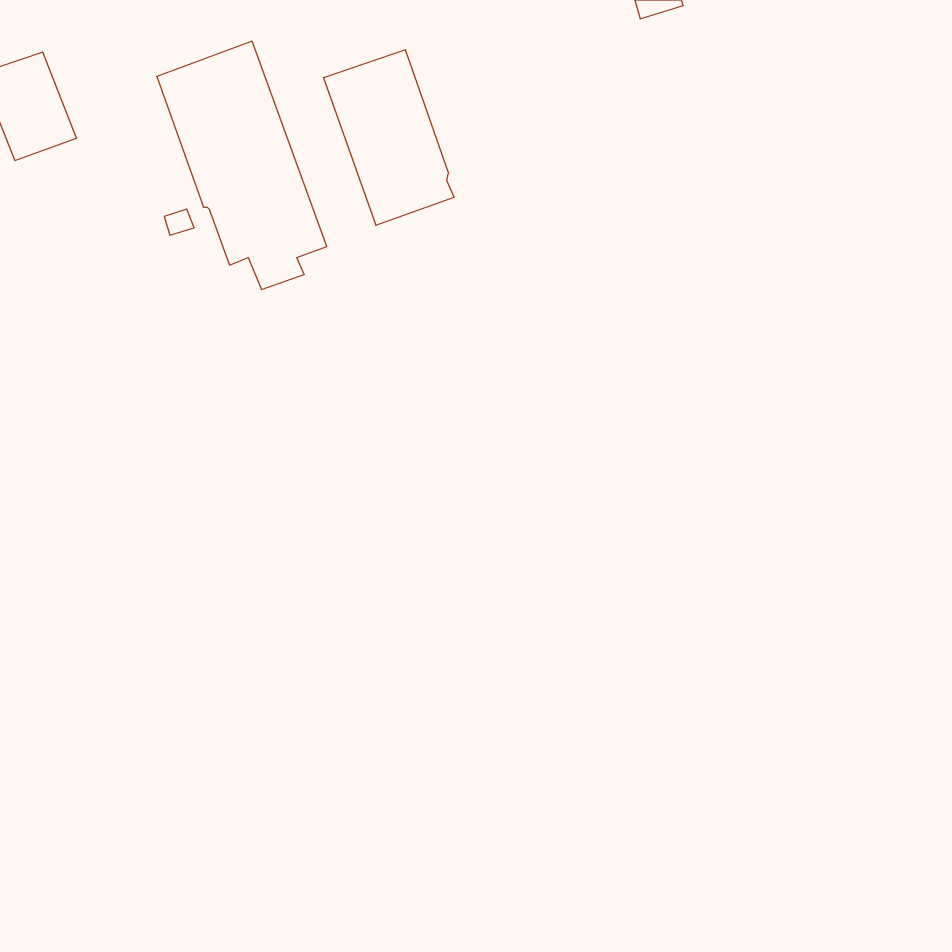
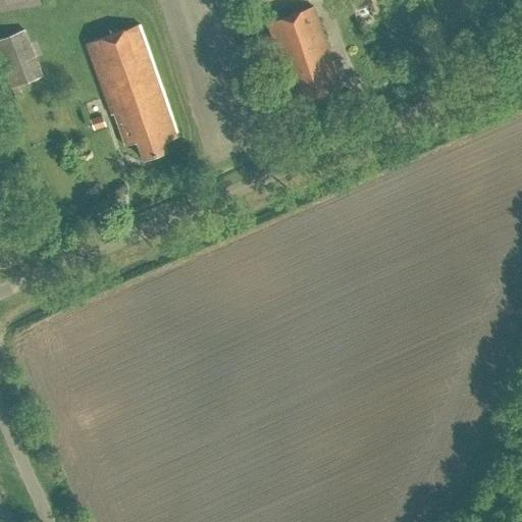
building: [323,50,454,225] -> [267,8,338,104]

